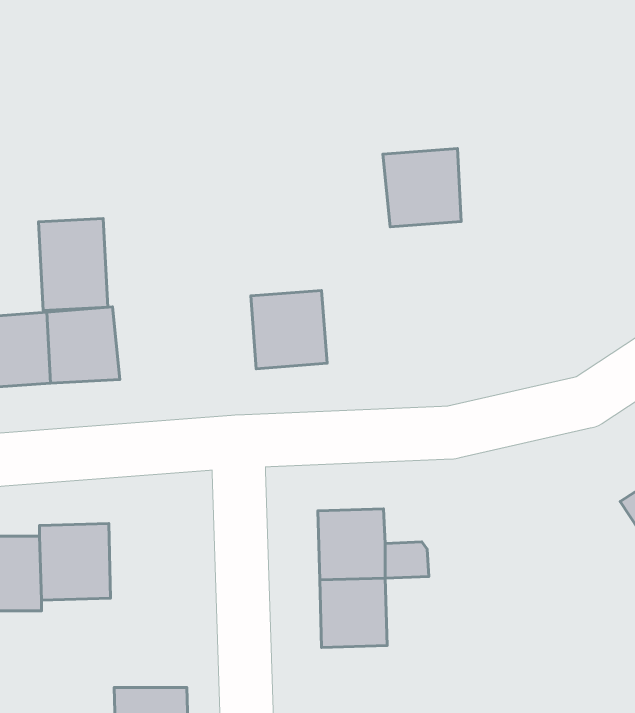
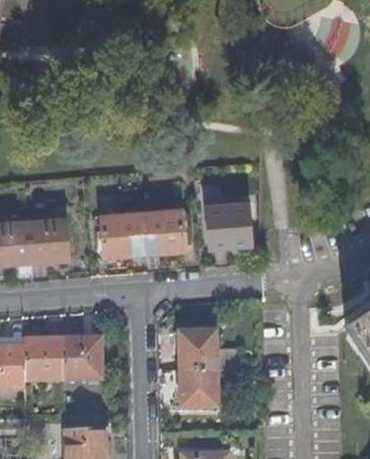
building: [383,149,461,227] -> [206,204,249,247]
building: [39,219,108,310] -> none
building: none -> [101,213,144,256]
building: none -> [62,339,100,381]

